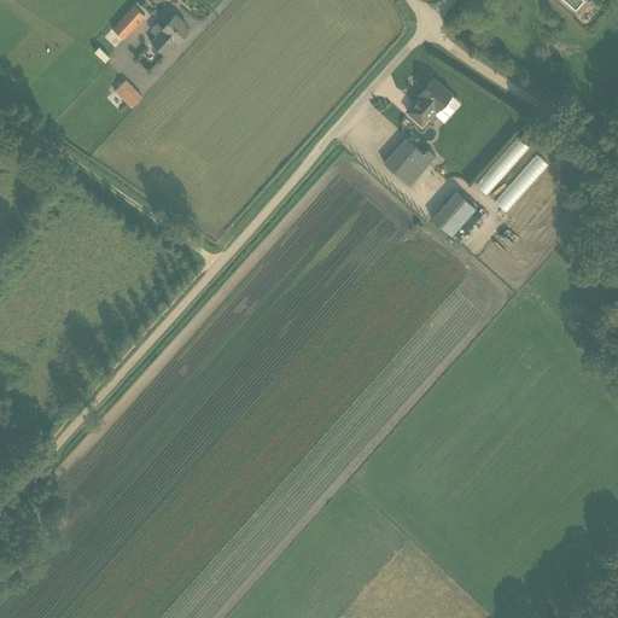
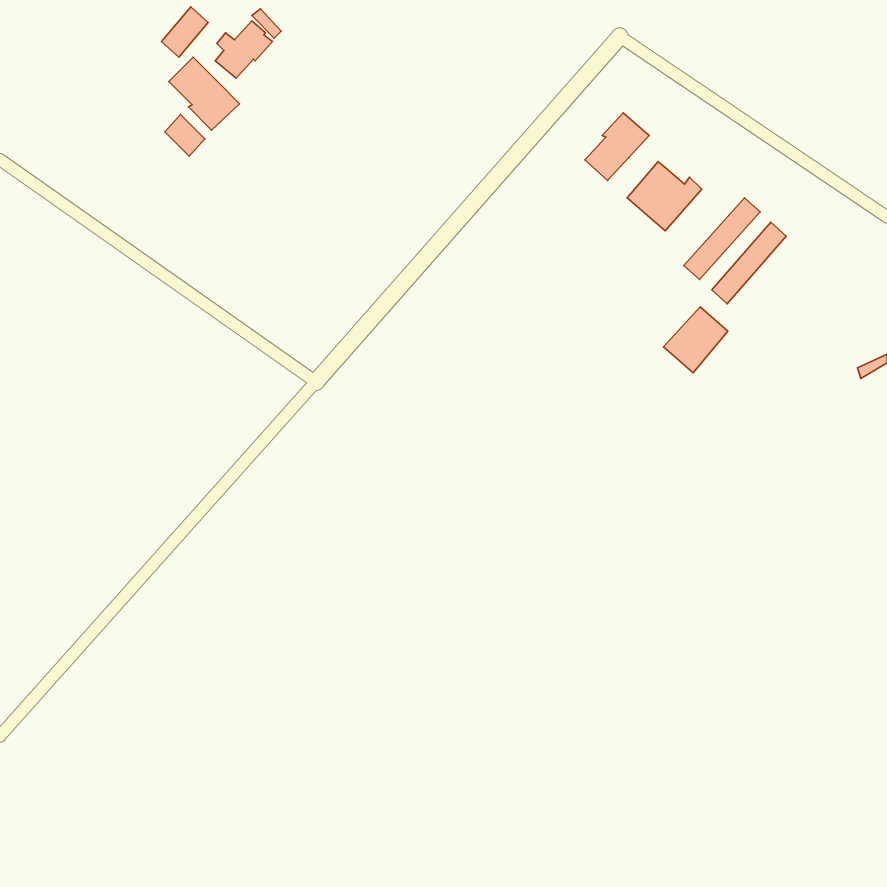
building: none -> [169,57,240,130]
building: [384,138,436,186] -> [627,162,702,231]
building: [431,191,476,237] -> [664,307,728,373]

